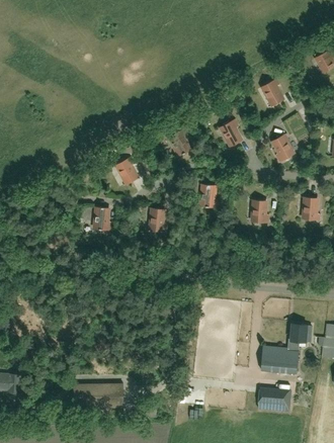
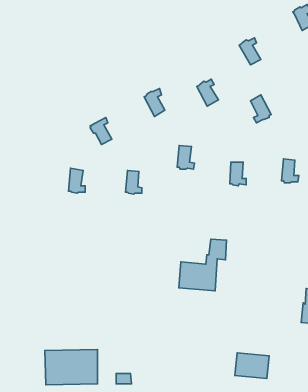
building: [261,324,308,374] -> [179,239,226,291]

